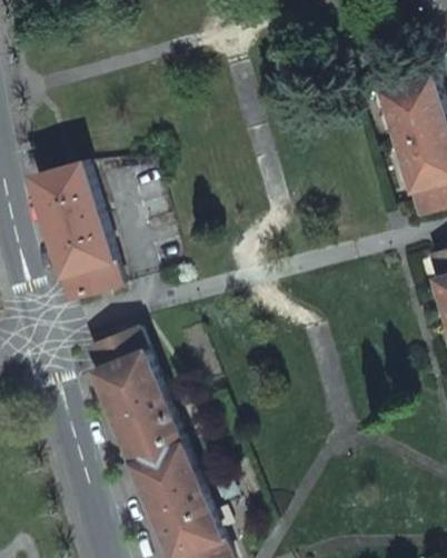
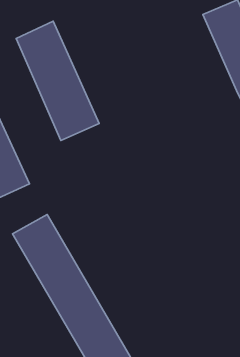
building: none -> [16,21,99,141]

